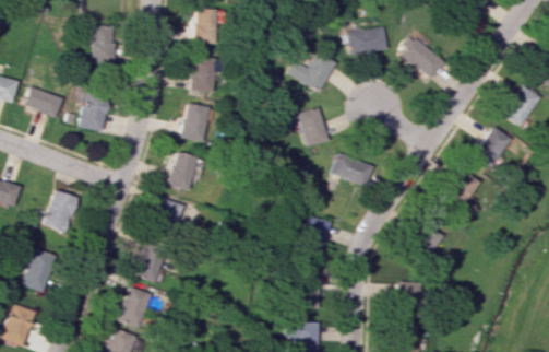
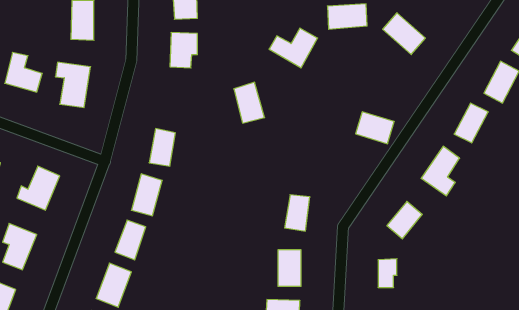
building: [181,103,210,142] -> none
building: [300,106,331,146] -> [234,82,265,123]
building: [333,153,371,185] -> [356,112,394,144]

